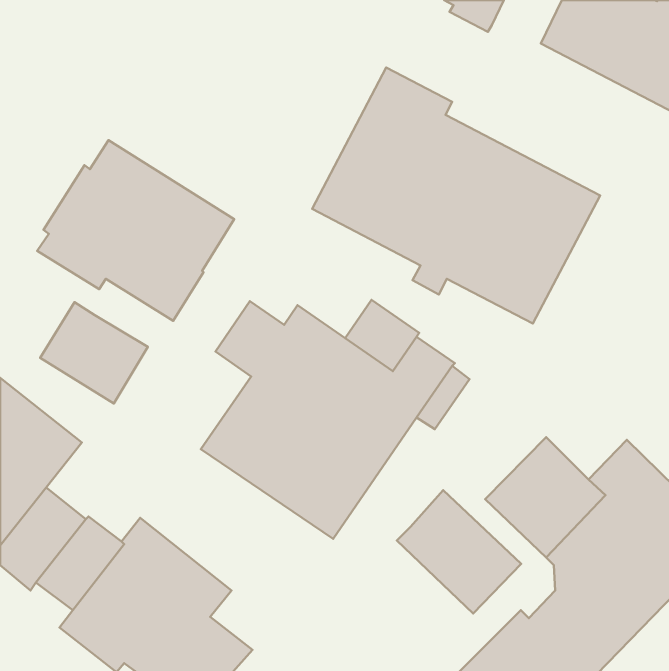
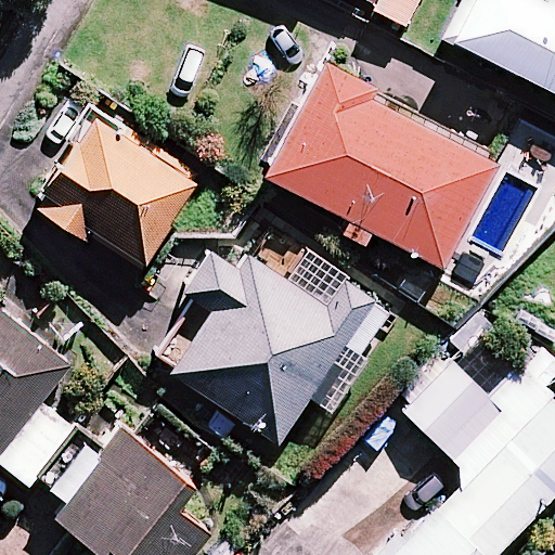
building: [40,302,148,404] -> none
building: [397,490,521,614] -> none

